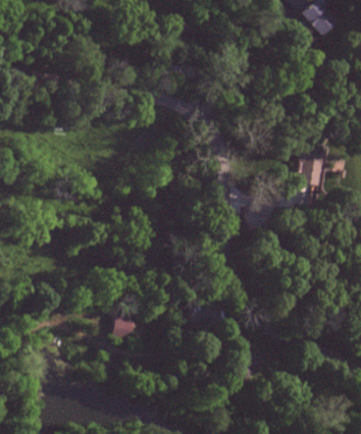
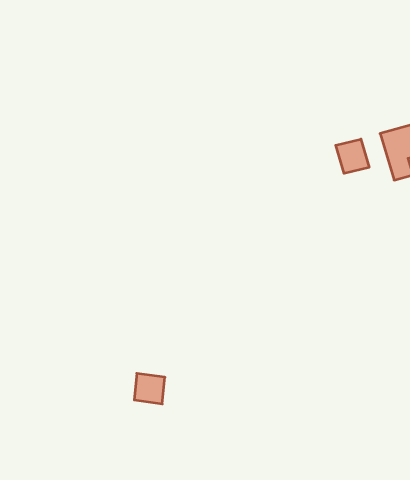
building: none -> [336,139,369,173]

